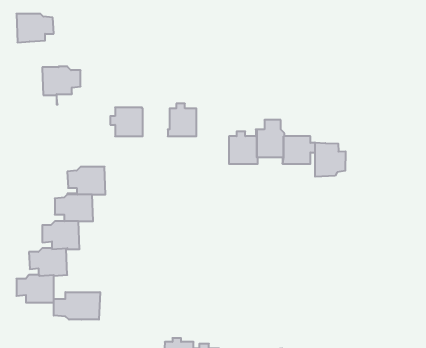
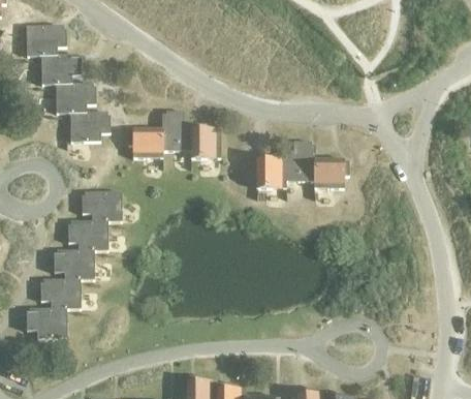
building: none -> [40,54,81,84]
building: none -> [161,110,192,150]
building: none -> [69,111,111,142]
building: [315,142,346,177] -> none
building: [54,292,100,320] -> none

